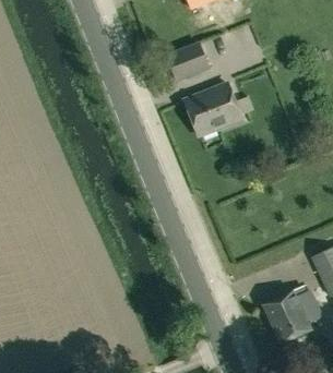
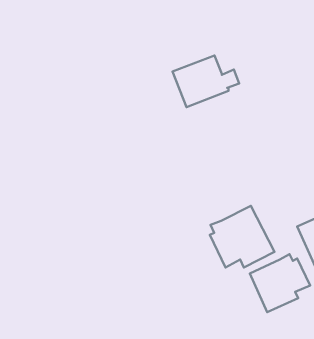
building: [167,43,210,82] -> none
building: none -> [210,206,274,268]

